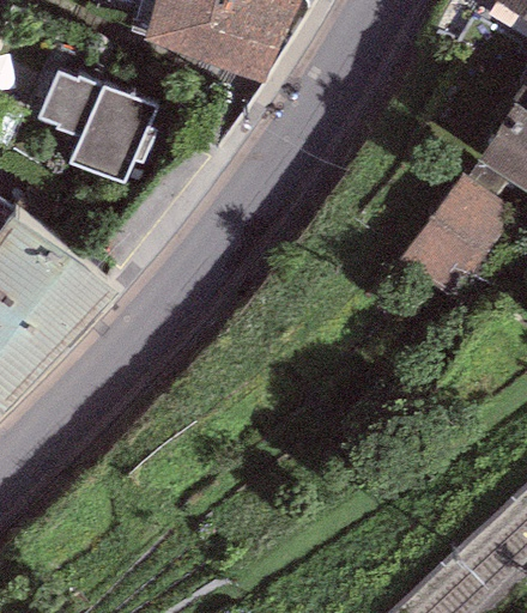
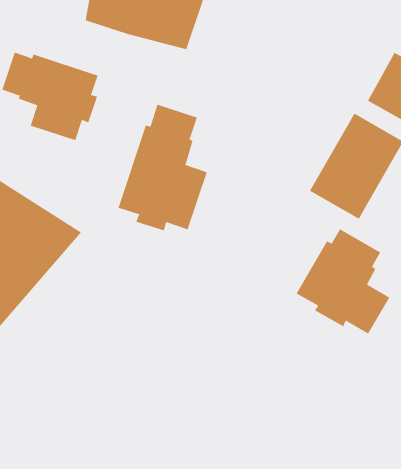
building: none -> [118,104,208,231]
building: none -> [296,228,390,335]

